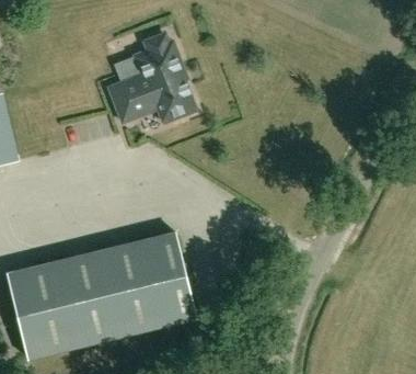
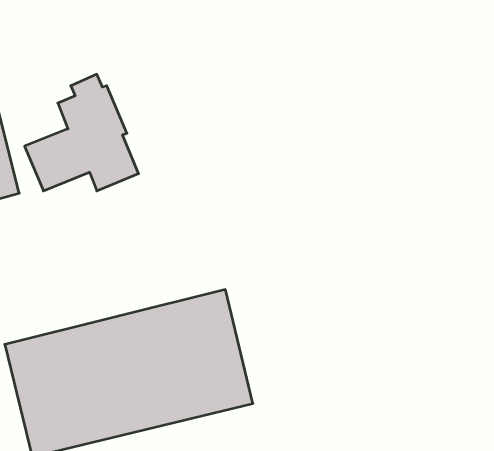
building: [108,33,195,122] -> [25,74,139,191]

